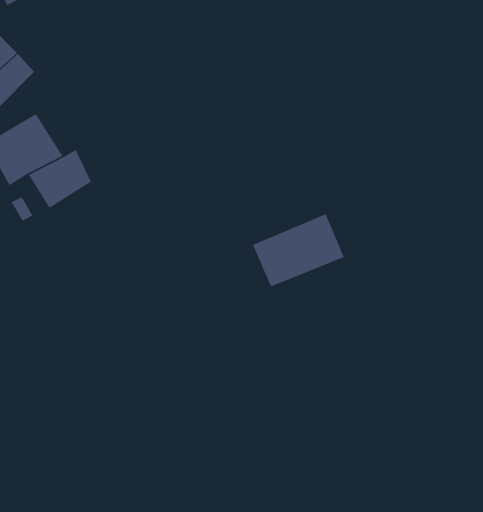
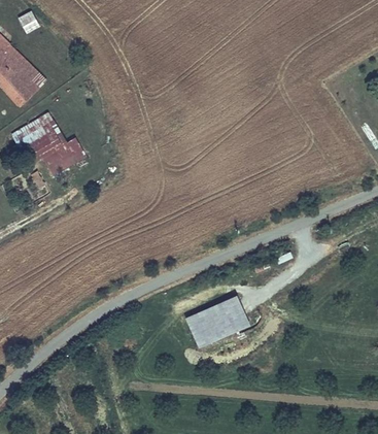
building: [252,213,345,287] -> [180,294,247,347]

